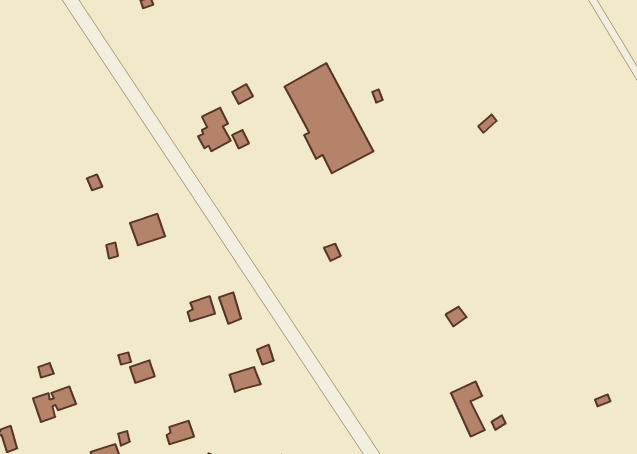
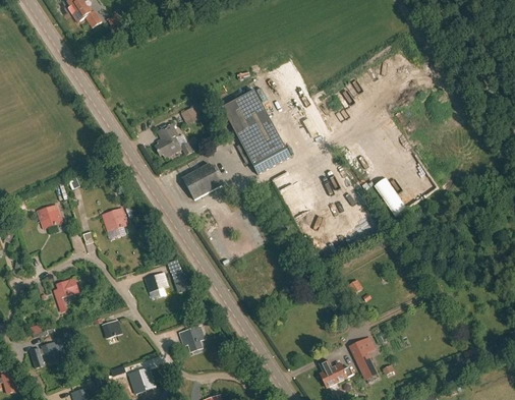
building: none -> [183,163,222,199]
building: none -> [38,205,63,228]
building: none -> [53,277,79,309]
building: none -> [319,359,356,389]

